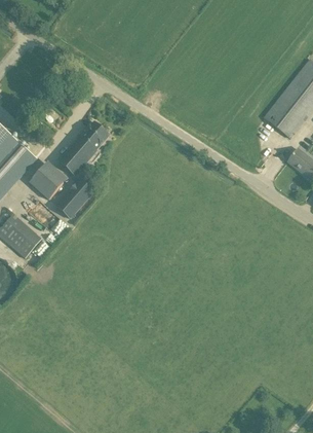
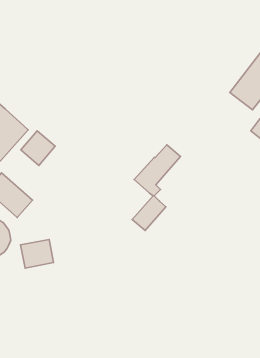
building: [55,121,110,218] -> [132,145,180,230]
building: none -> [21,239,54,268]

